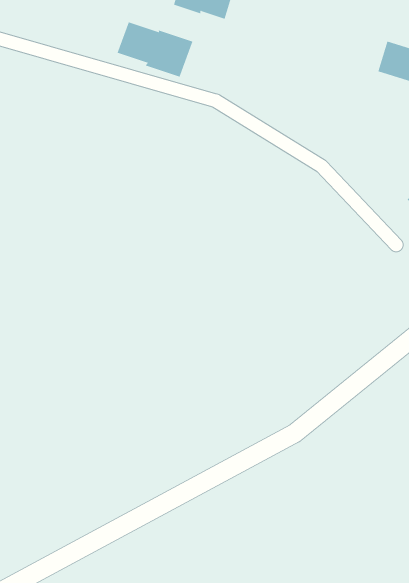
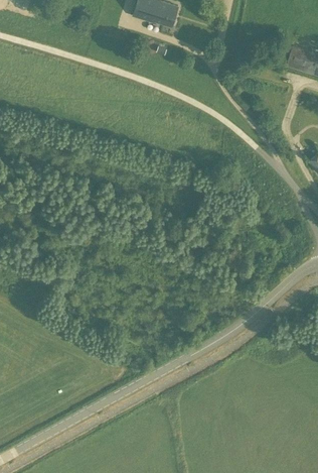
building: [117,22,193,77] -> none

